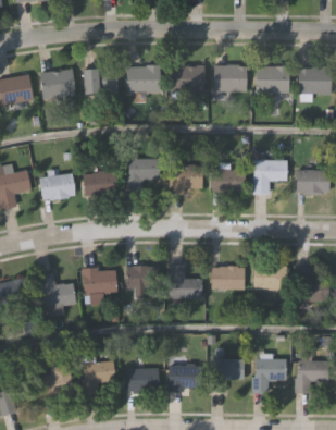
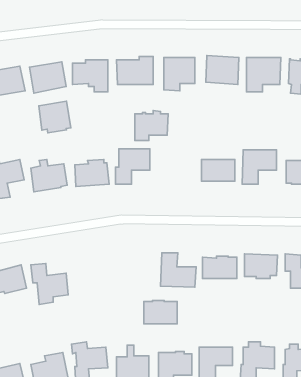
building: none -> [39,101,71,133]
building: [169,163,202,194] -> [135,110,168,141]
building: [128,265,162,288] -> [144,300,177,324]
building: [83,266,120,295] -> none

